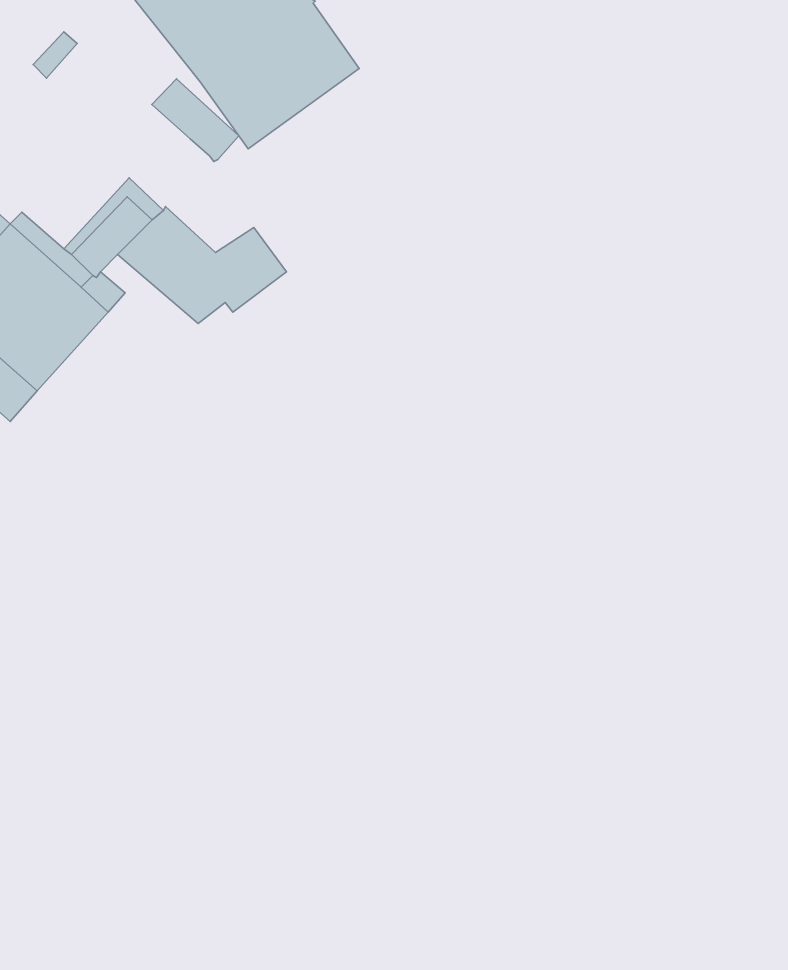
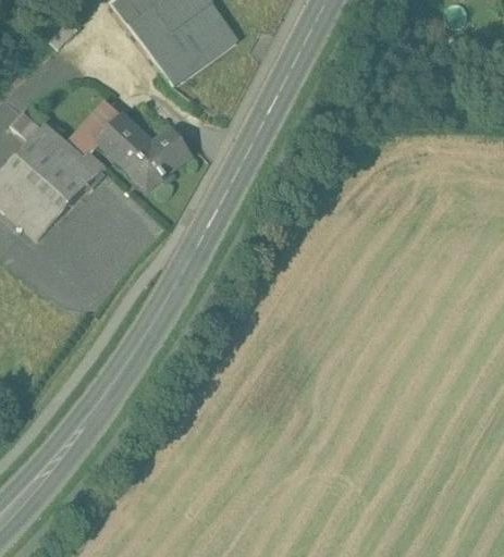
building: [152,79,239,162] -> none

